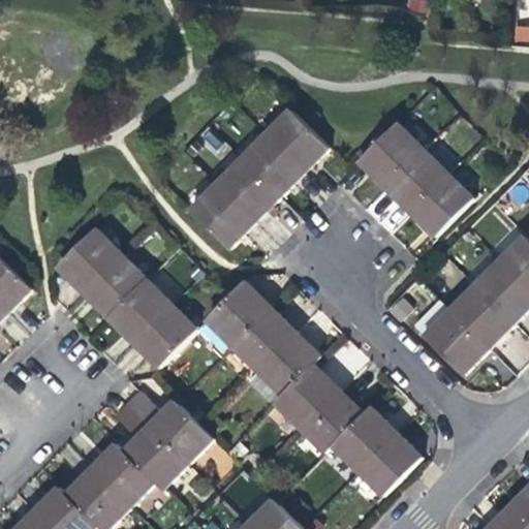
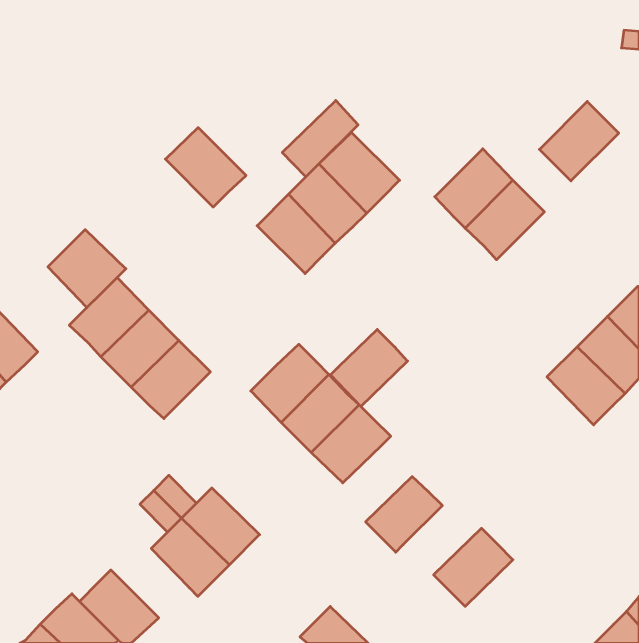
building: none -> [282,100,358,177]
building: [407,174,472,239] -> [539,101,619,181]
building: [184,185,250,250] -> [165,128,246,207]
building: none -> [48,230,126,308]
building: [134,305,197,368] -> none
building: [422,309,487,374] -> none
building: [275,365,338,428] -> [331,329,408,406]
building: [331,408,395,471] -> none
building: [91,442,155,506] -> none

